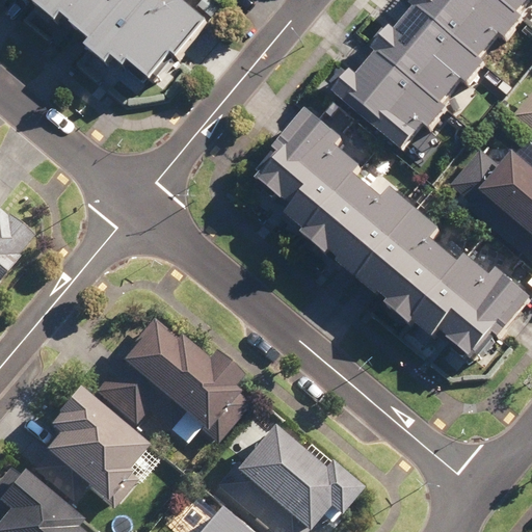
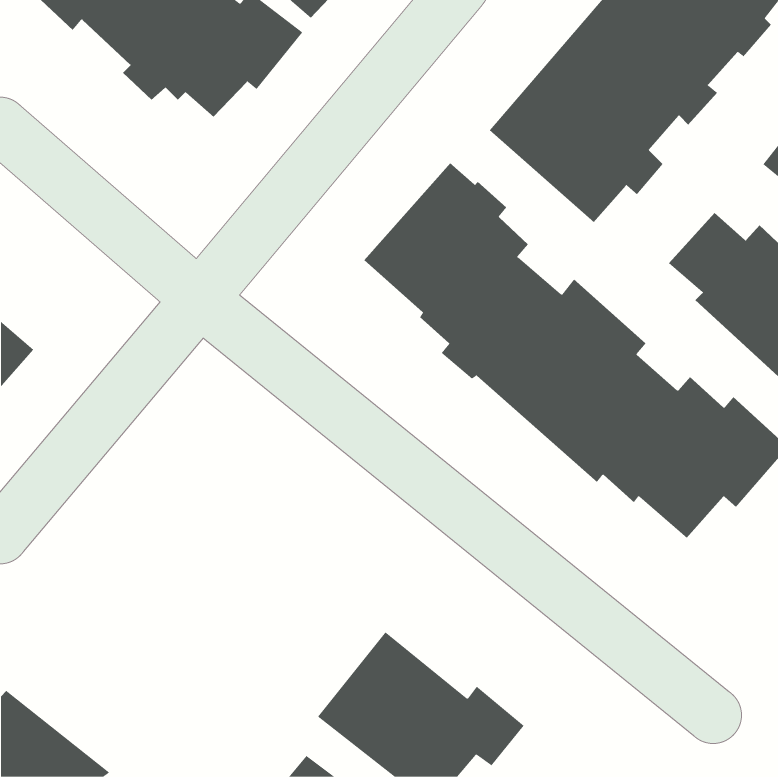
building: [100,315,240,440] -> none
building: [35,387,163,501] -> none

